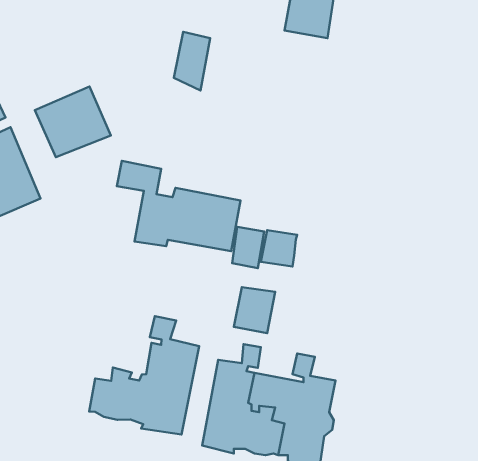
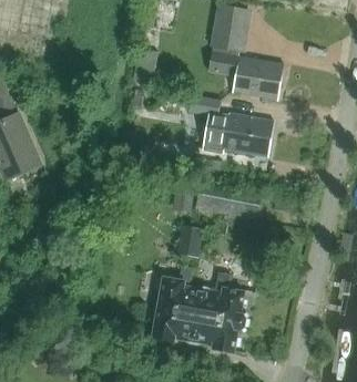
building: none -> [207,52,284,100]
building: [35,87,111,157] -> none
building: [117,161,241,251] -> [188,94,275,157]
building: [89,316,199,435] -> none

